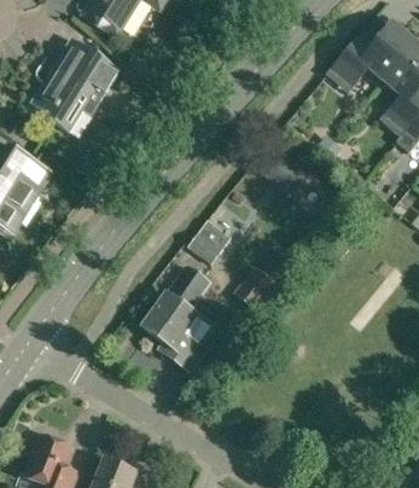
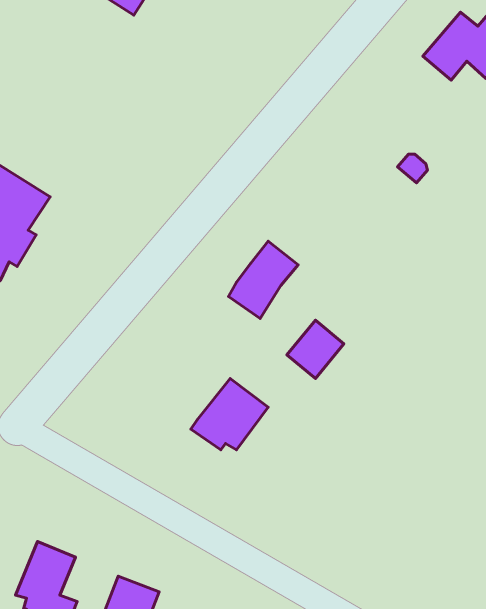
building: [31,45,121,132] -> none
building: [142,267,209,341] -> none

